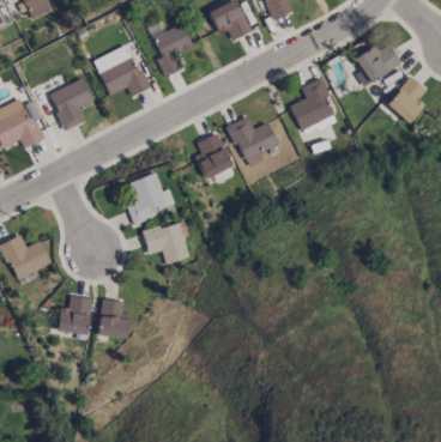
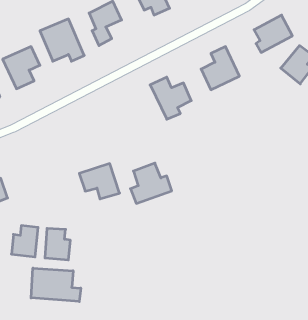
building: [197,133,234,178] -> none
building: [126,172,176,222] -> [130,163,172,203]
building: none -> [31,268,81,302]

